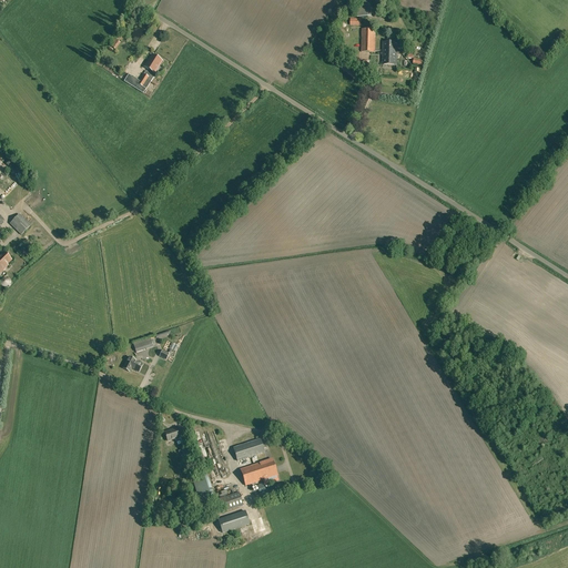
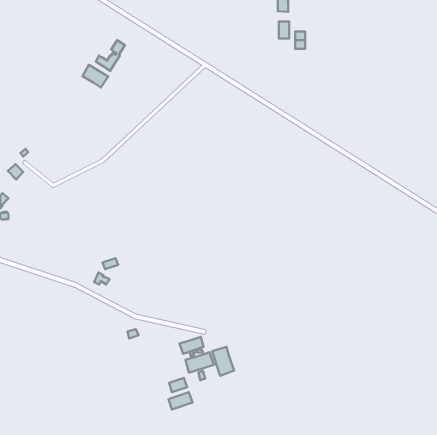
building: none -> [82,65,108,88]
building: none -> [212,347,234,376]

